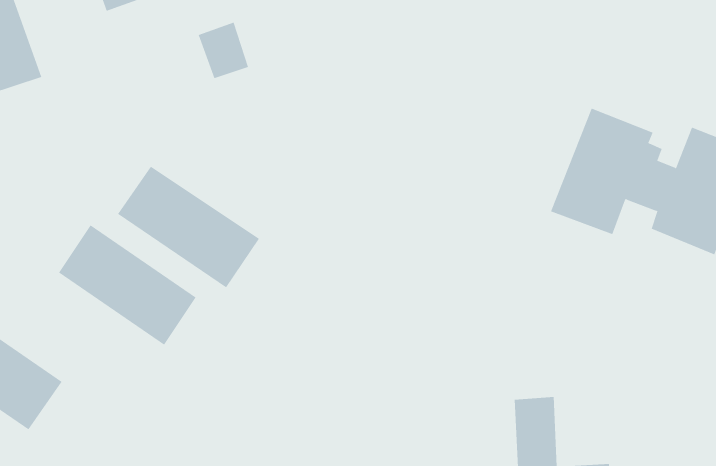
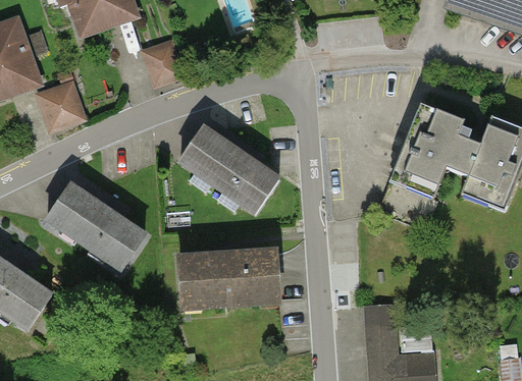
building: none -> [40,84,83,126]
building: [117,166,260,288] -> [179,127,279,213]
building: none -> [180,252,278,304]

